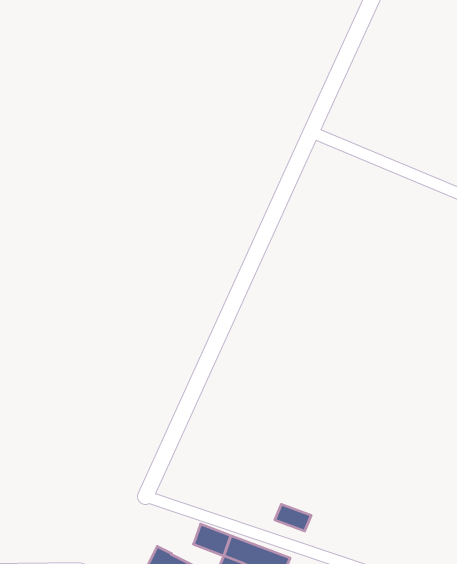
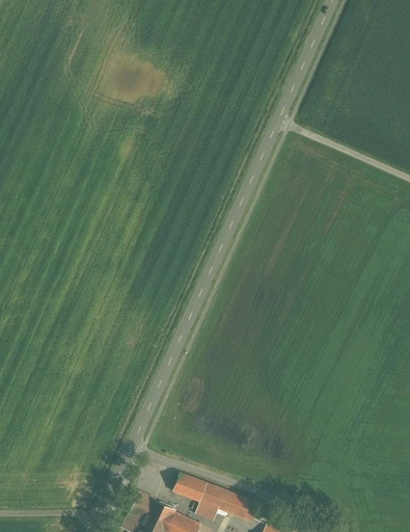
building: [275,504,311,531] -> none

